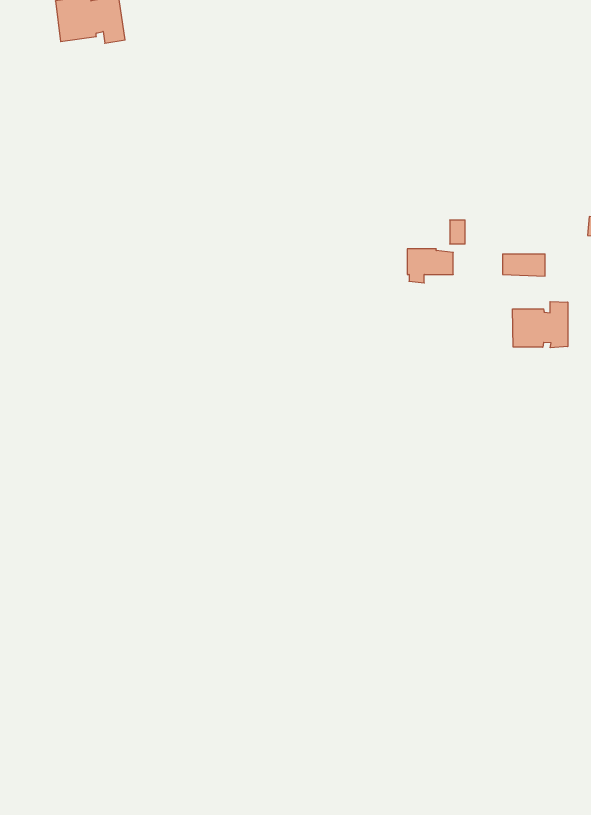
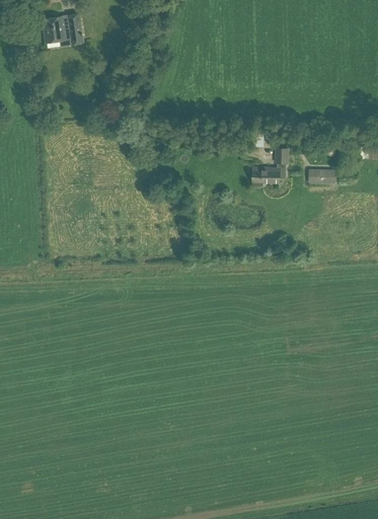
building: [513,302,568,348] -> none

